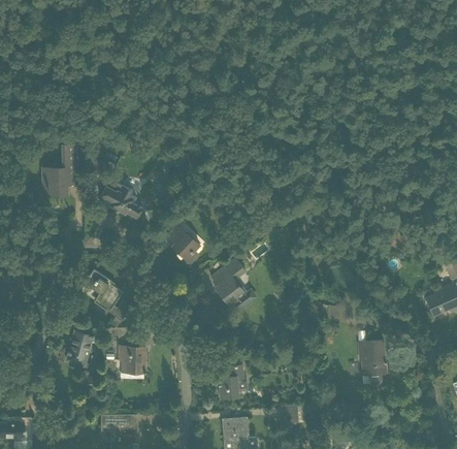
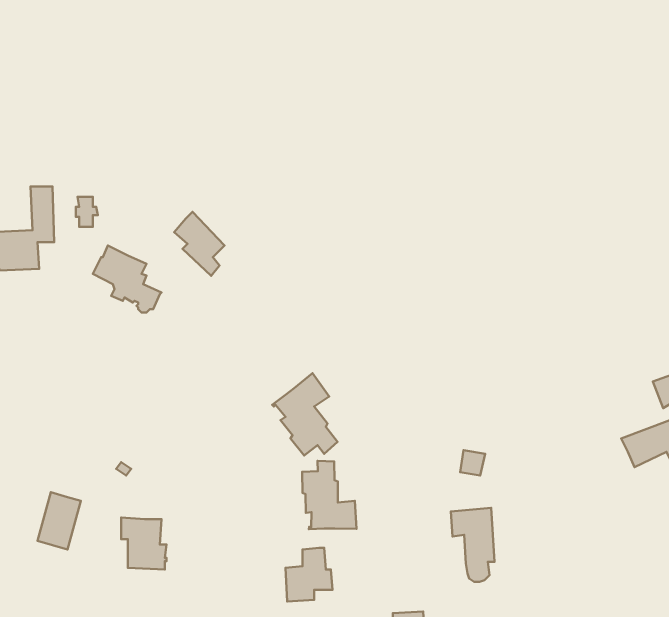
building: [167,224,198,263] -> [174,212,224,276]
building: [85,269,123,313] -> none
building: none -> [302,461,357,529]
building: [358,341,385,386] -> [451,508,494,582]

